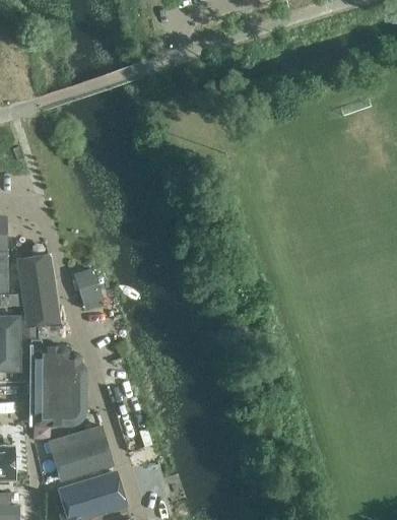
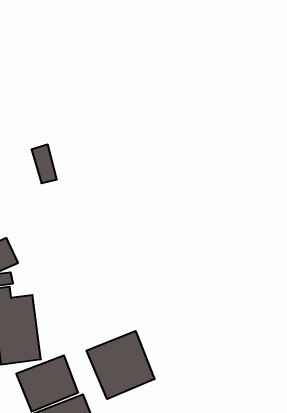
building: [77,268,101,309] -> [31,145,57,183]
building: none -> [87,331,155,399]

